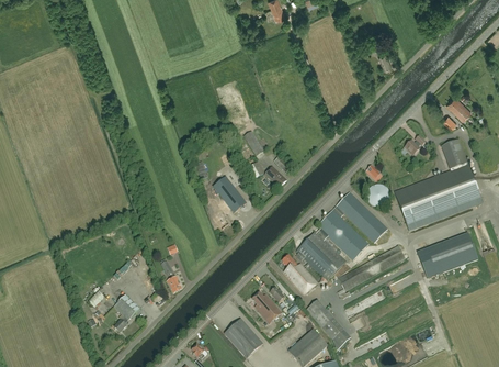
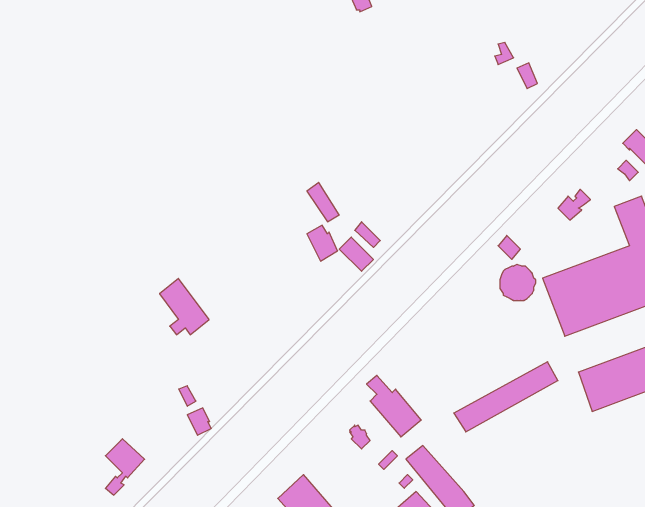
building: [214,176,246,212] -> [160,278,209,335]
building: [296,191,387,280] -> none
building: [252,291,282,323] -> none

